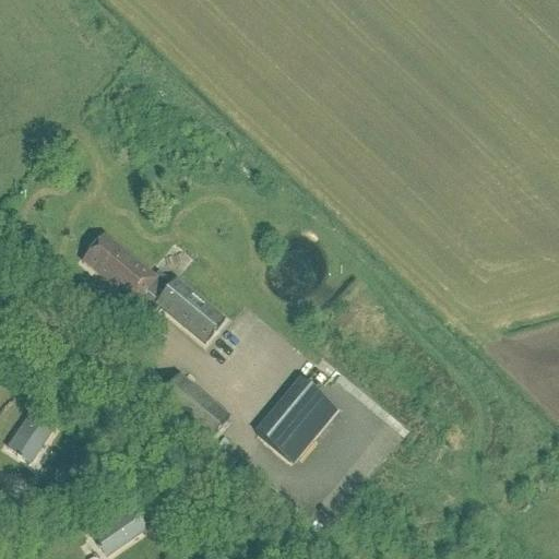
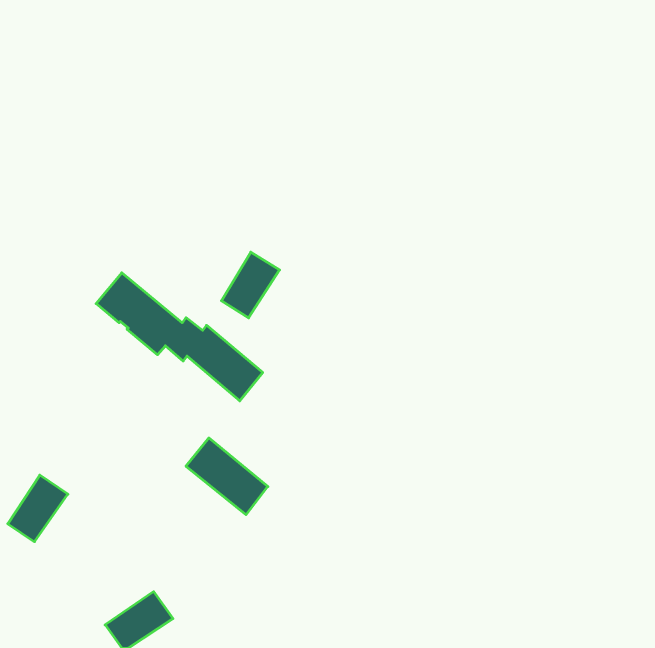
building: none -> [221,252,280,318]
building: [255,378,334,460] -> none

